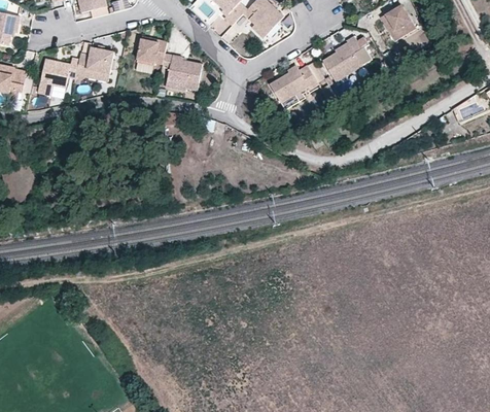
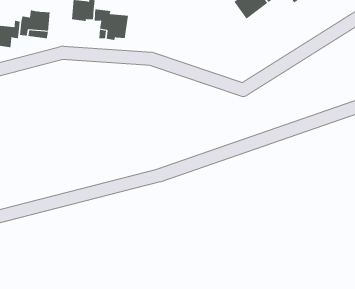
building: [269,65,318,102] -> none

